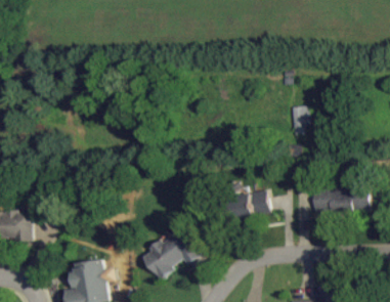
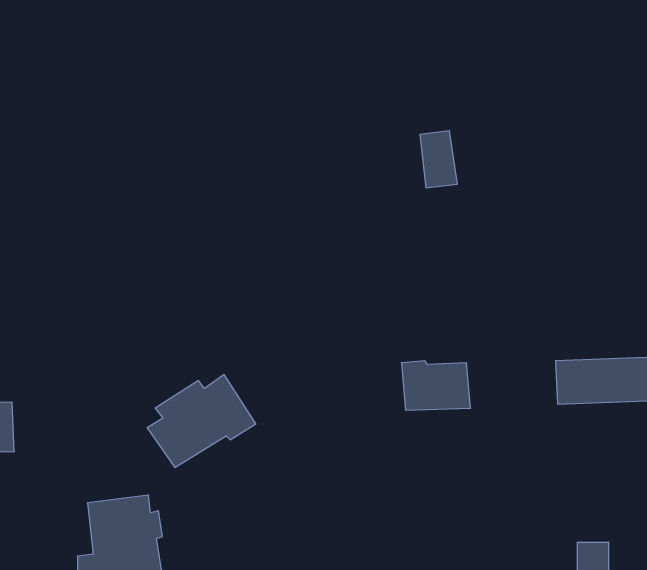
building: [291,105,310,135] -> [420,131,457,188]
building: [143,230,200,278] -> [147,375,256,467]

